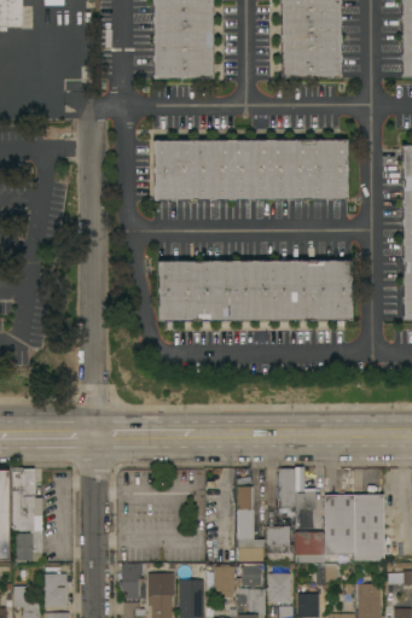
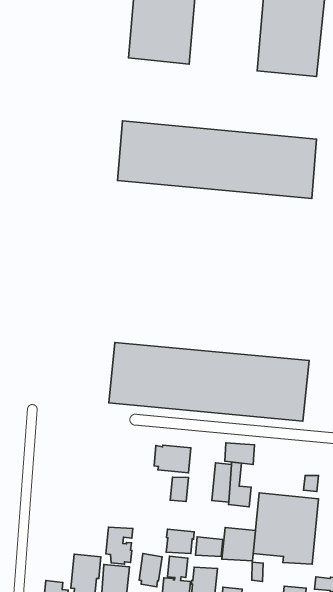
building: [158,260,352,321] -> [109,342,309,421]
building: none -> [225,443,254,464]
building: none -> [154,445,191,473]
building: [122,562,147,599] -> [106,527,133,564]

